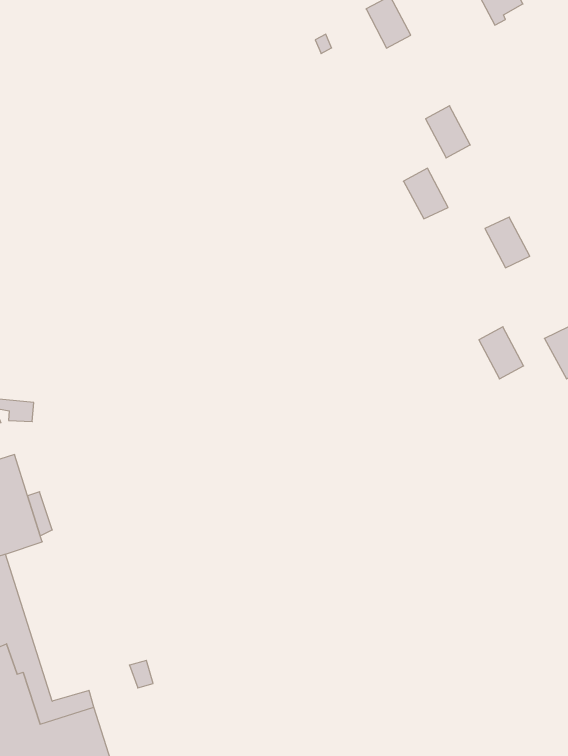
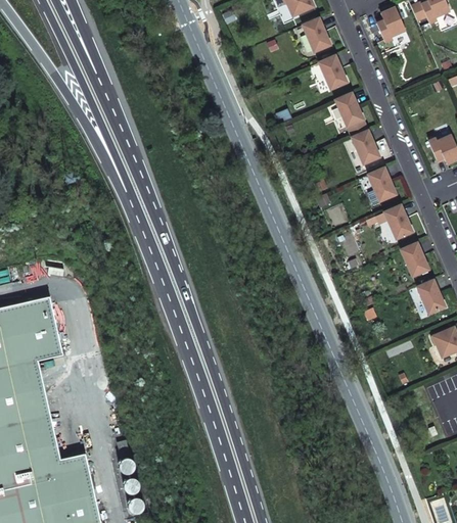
building: none -> [319,56,347,89]
building: [403,168,448,219] -> [352,131,379,163]
building: [479,327,524,379] -> [384,205,412,239]

